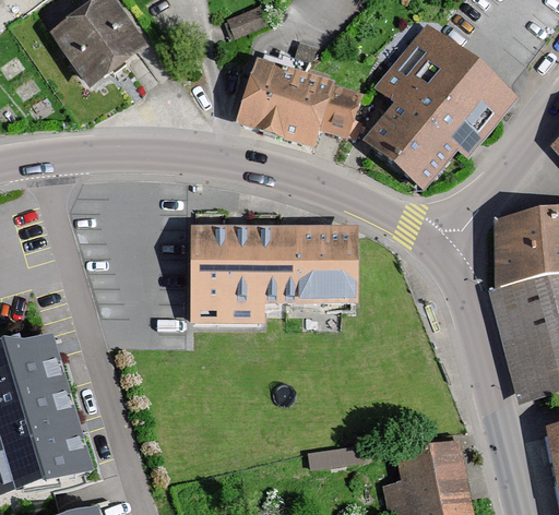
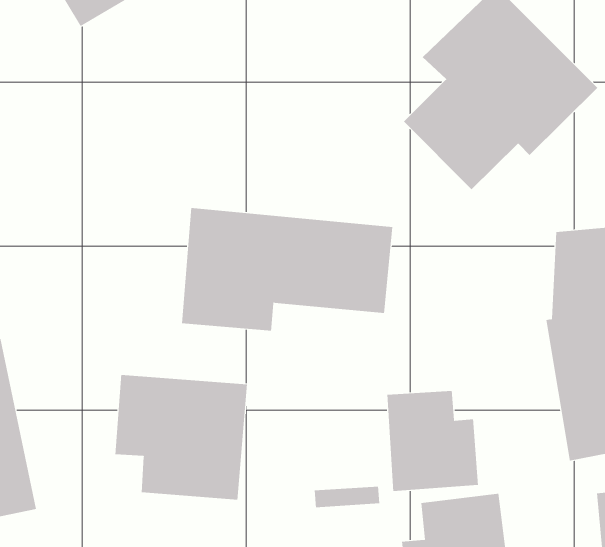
building: [234,56,359,147] -> none
building: none -> [387,390,478,492]
building: none -> [115,374,247,501]

